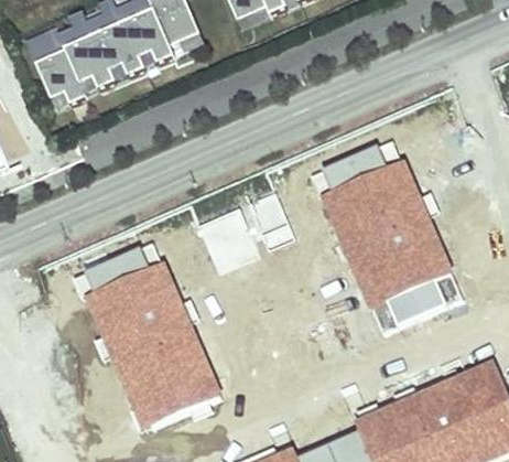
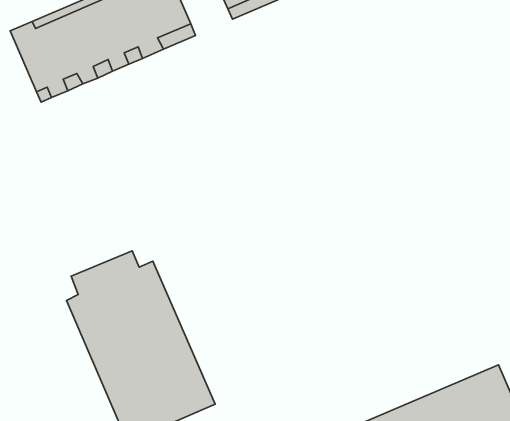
building: [323,146,464,334] -> none

